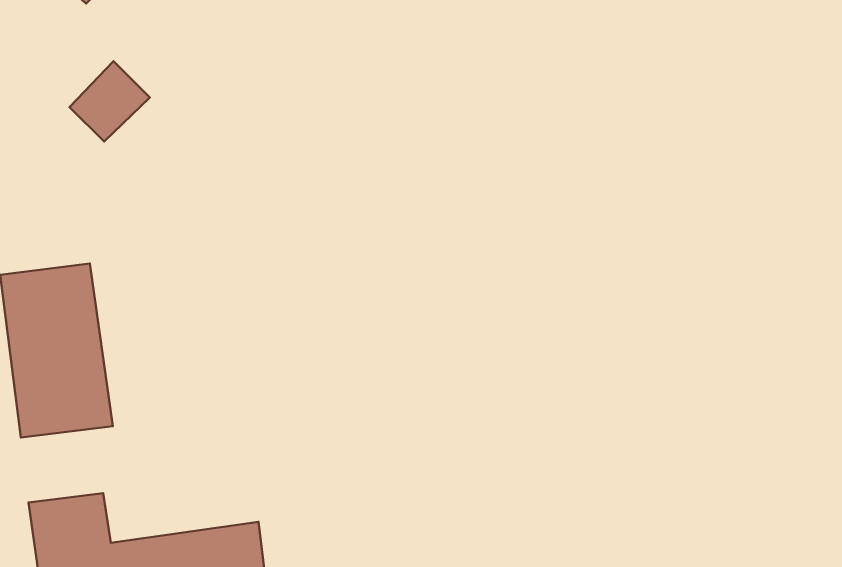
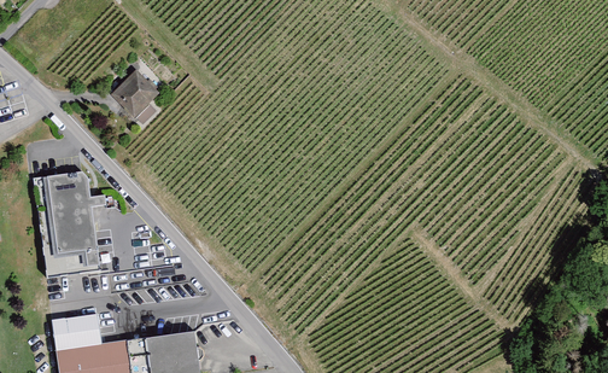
building: [70,61,150,141] -> [111,70,162,121]

